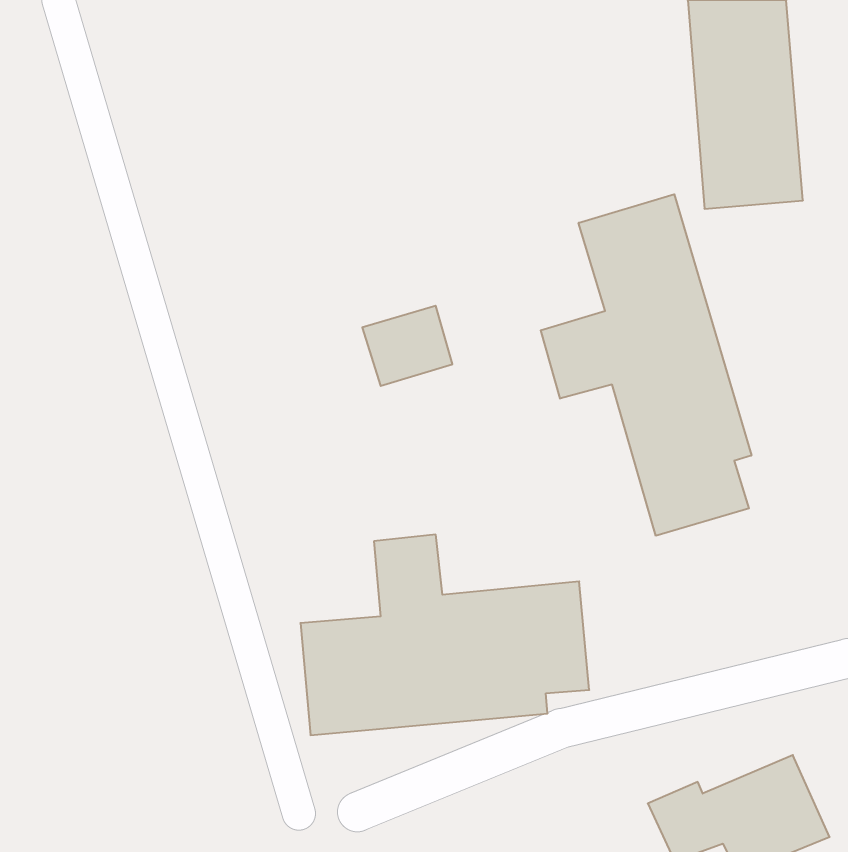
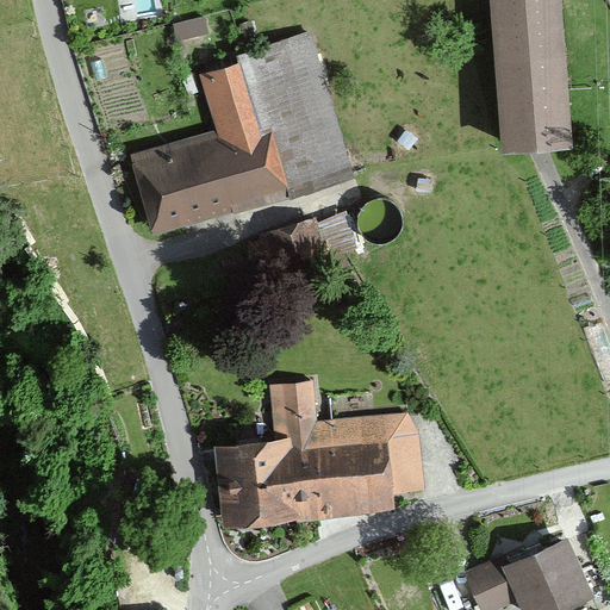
building: none -> [131,33,348,235]
building: [541,194,751,536] -> none

